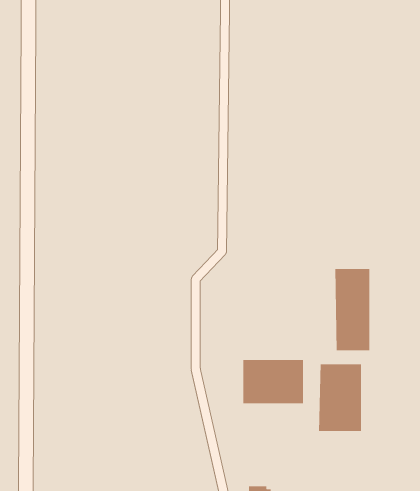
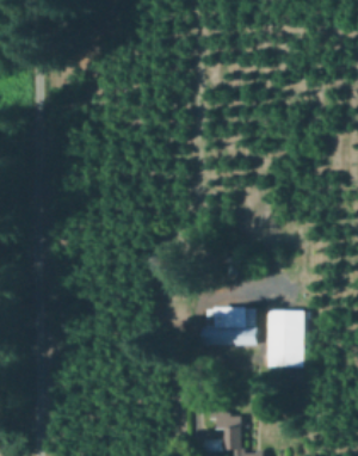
building: [335,268,370,351] -> none

